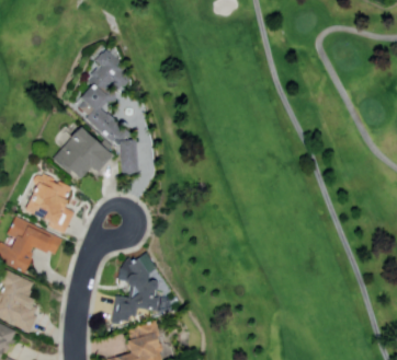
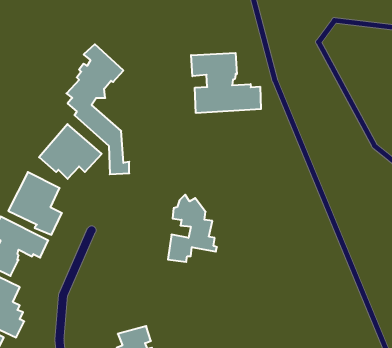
building: none -> [191,53,261,113]
building: [113,257,160,322] -> [168,195,217,262]

